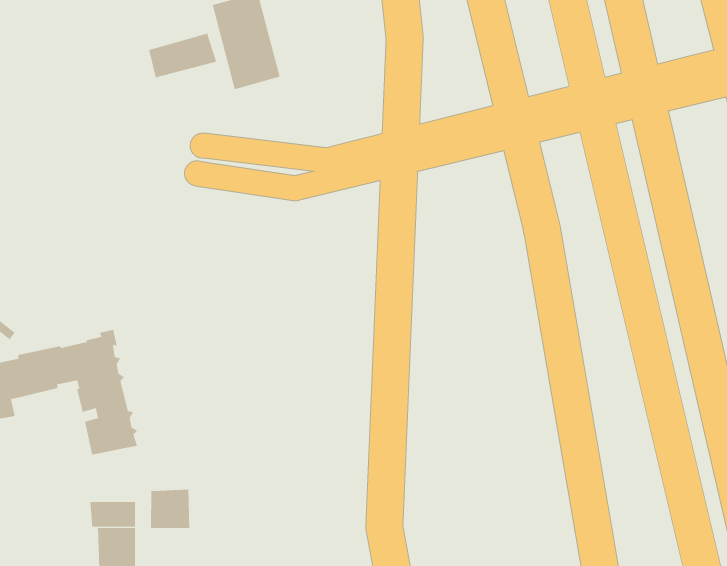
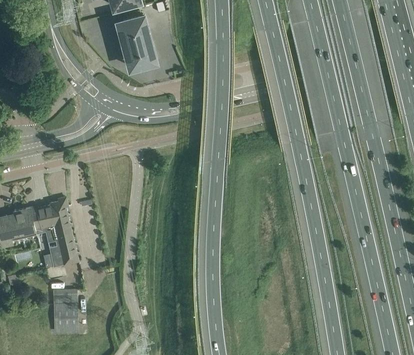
building: [149,33,217,78] -> none
building: [150,489,190,529] -> none

